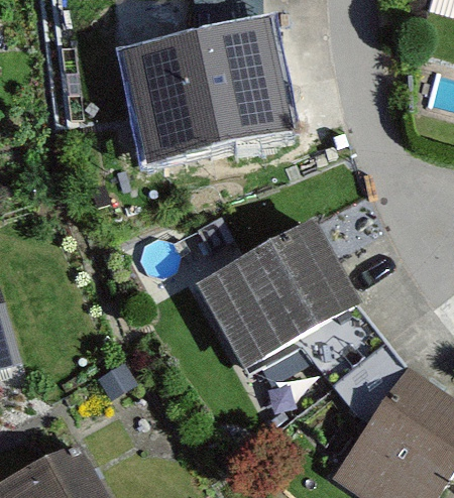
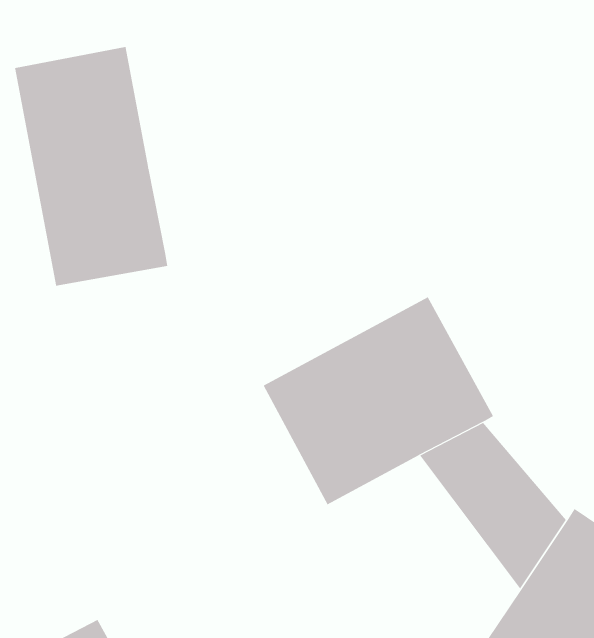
building: [136,41,280,153] -> none
building: none -> [14,46,168,286]

